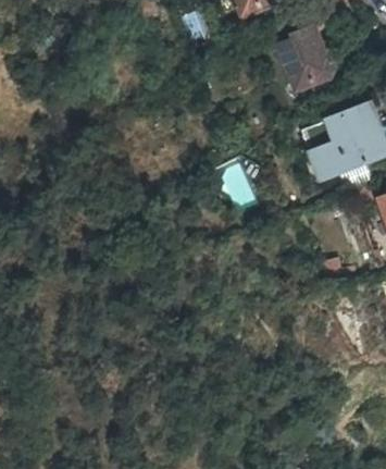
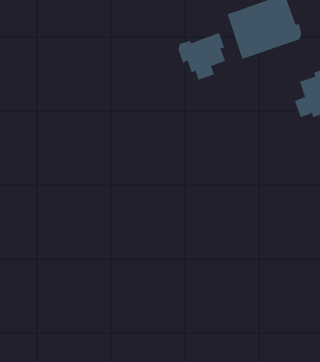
building: none -> [178,32,226,81]

